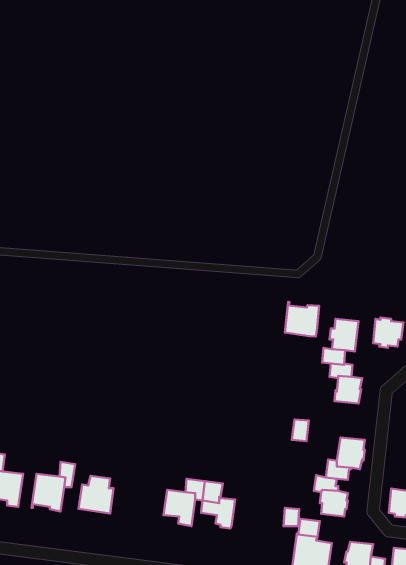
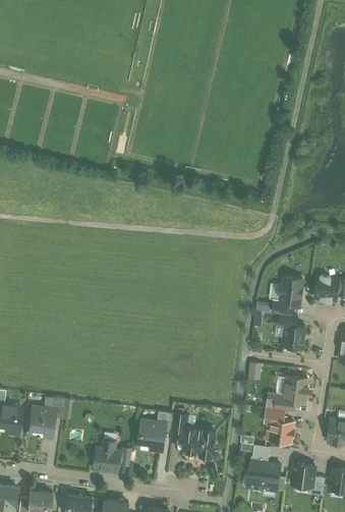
building: [285,302,319,336] -> none
building: [79,476,114,514] -> [92,440,121,471]
building: none -> [196,426,215,455]

